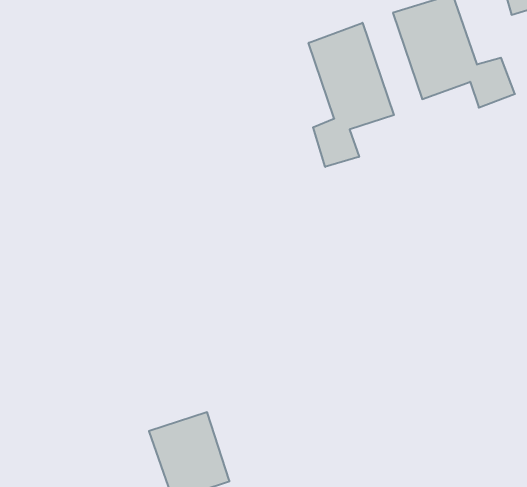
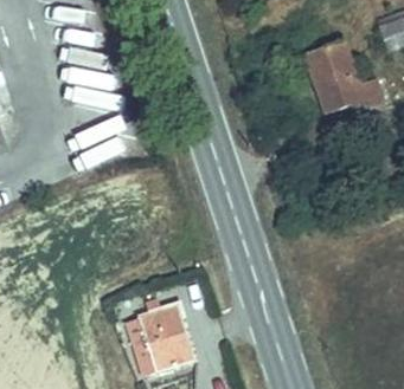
building: [309,23,394,167] -> none

